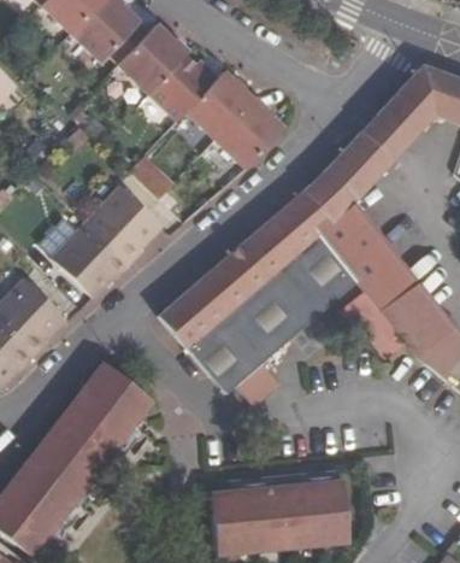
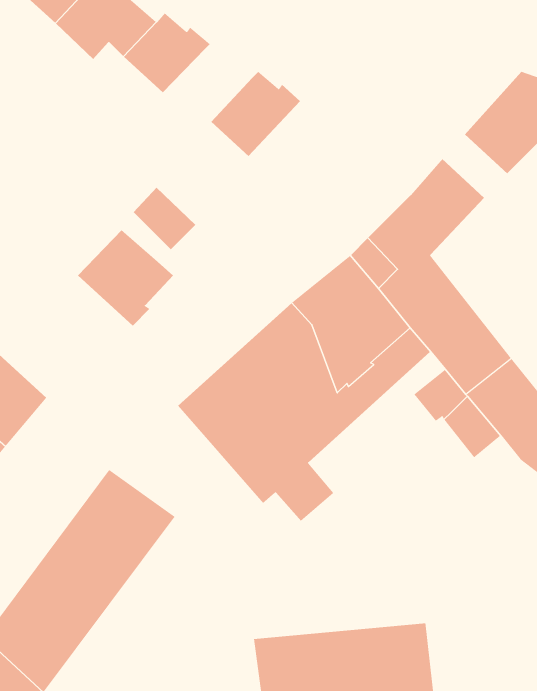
building: [148,46,216,107] -> none
building: [213,86,284,160] -> none
building: [360,111,409,159] -> none
building: [48,218,125,292] -> none

